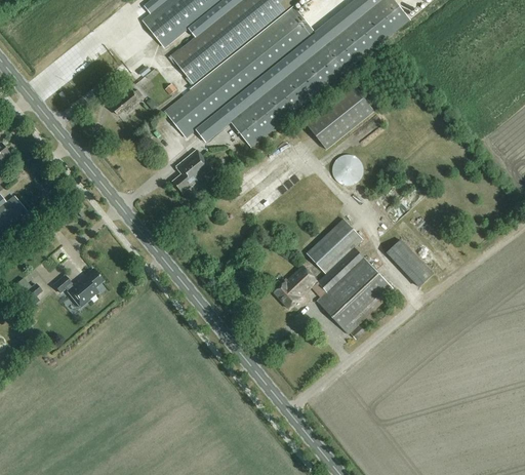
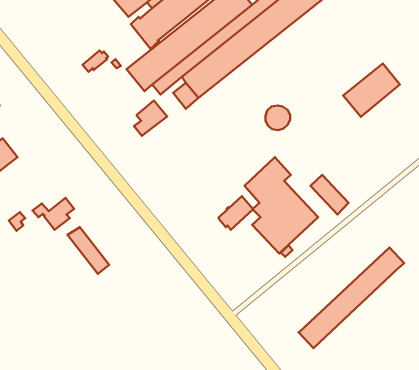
building: [305,83,373,148] -> [343,63,400,117]
building: none -> [68,227,109,274]
building: none -> [299,247,404,348]

